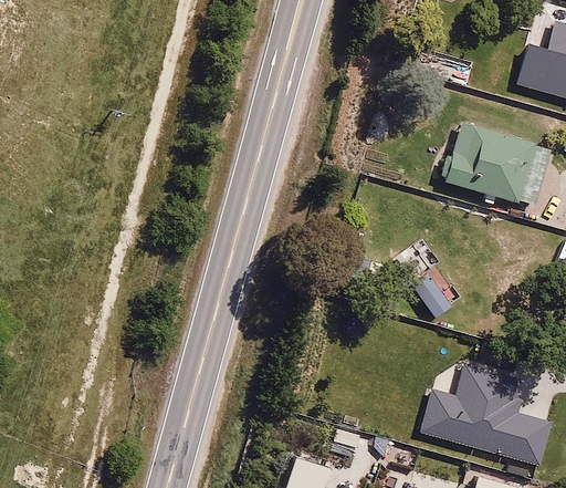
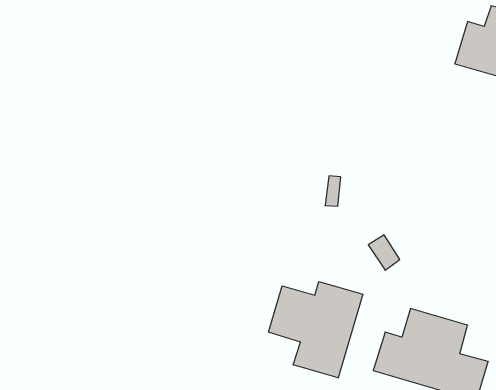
building: [446,122,554,208] -> none
building: none -> [268,282,363,378]

